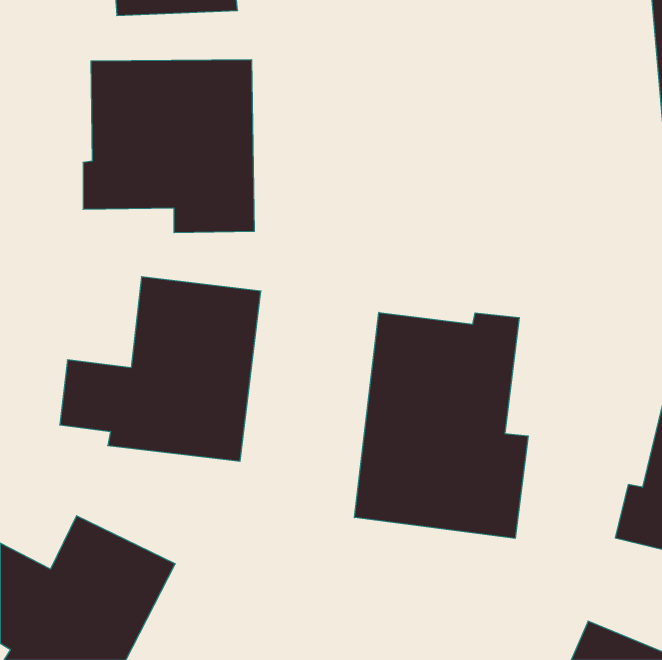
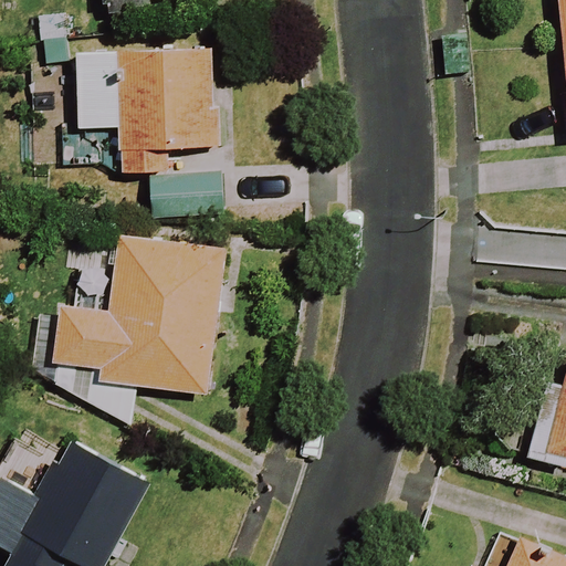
building: [354,312,528,538] -> none

